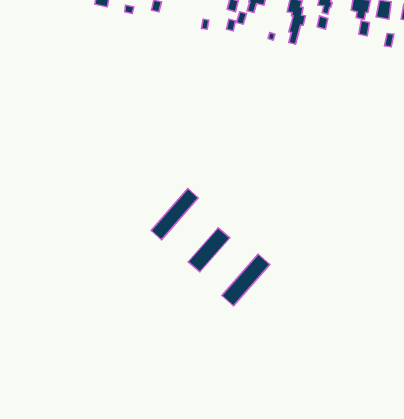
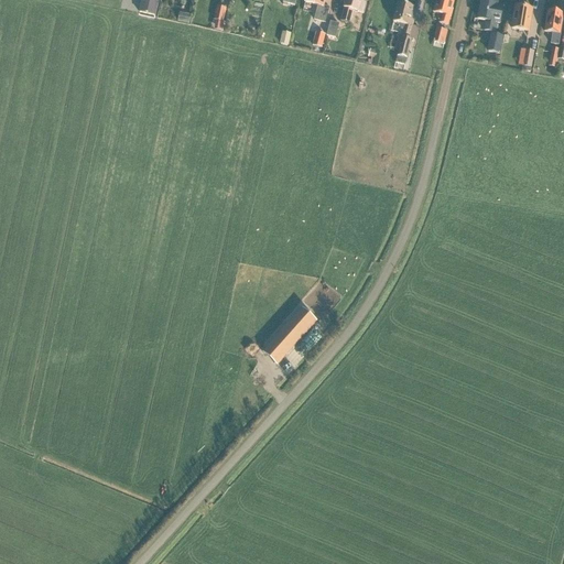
building: [151,188,198,240] -> none
building: [222,254,270,306] -> none

